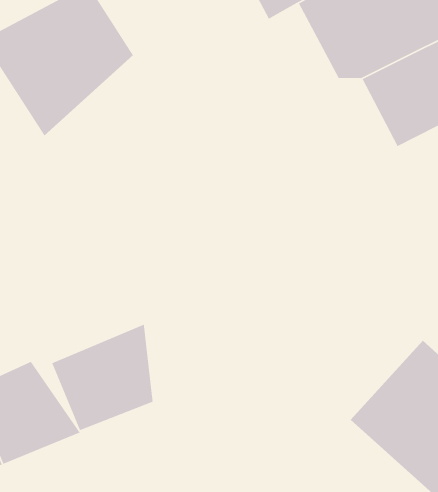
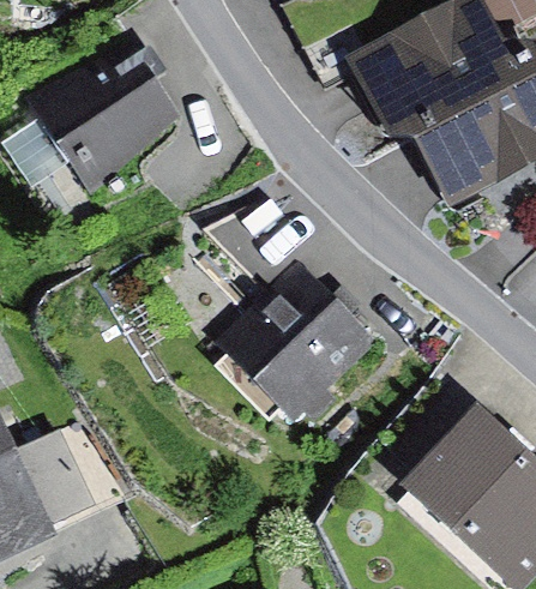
building: none -> [216,260,375,423]
building: [51,323,153,431] -> none

